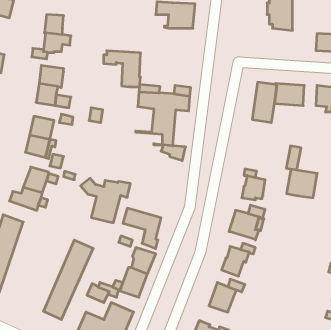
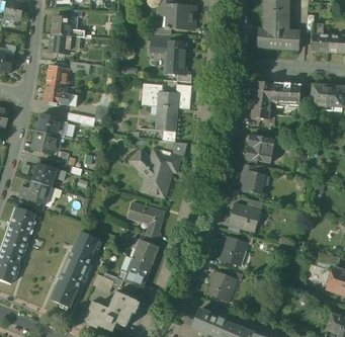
building: none -> [258,29,300,49]
building: [104,51,141,87] -> [151,39,186,74]
building: [287,169,317,198] -> [246,135,275,162]
building: [81,178,130,223] -> [133,152,180,194]

